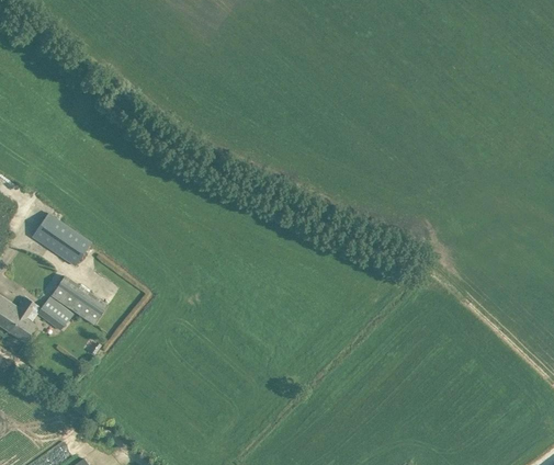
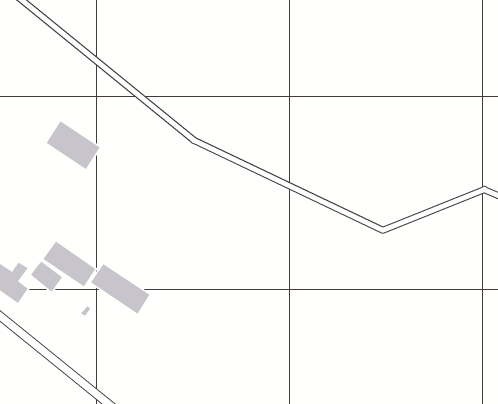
building: [32,213,90,265] -> [45,120,101,170]
building: none -> [90,263,151,315]

